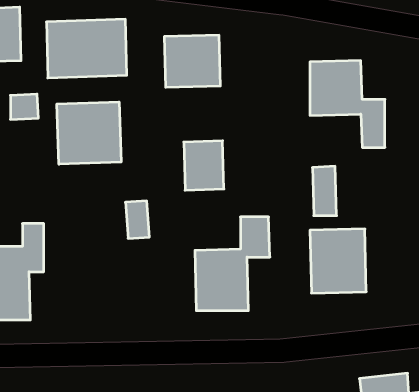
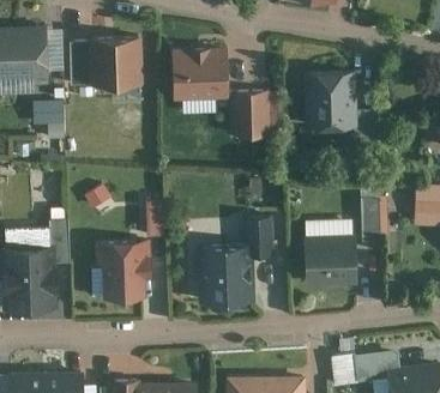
building: [57,102,121,164] -> none
building: [184,141,224,190] -> [233,92,269,137]
building: [312,166,337,216] -> [360,198,381,242]
building: none -> [98,240,140,297]

